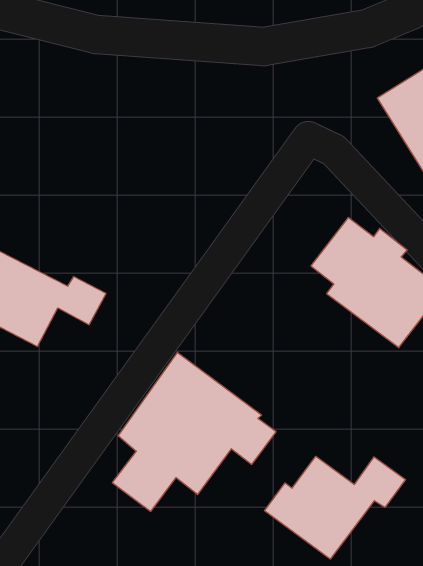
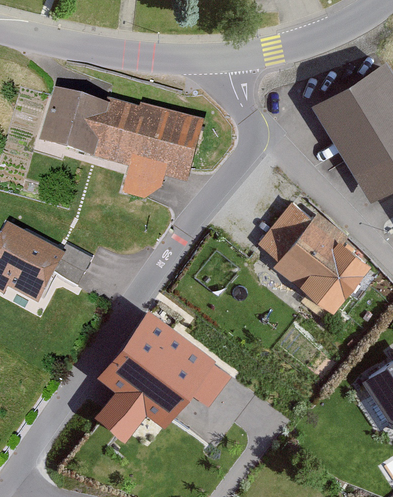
building: none -> [32,95,199,205]
building: [264,456,405,559] -> none

